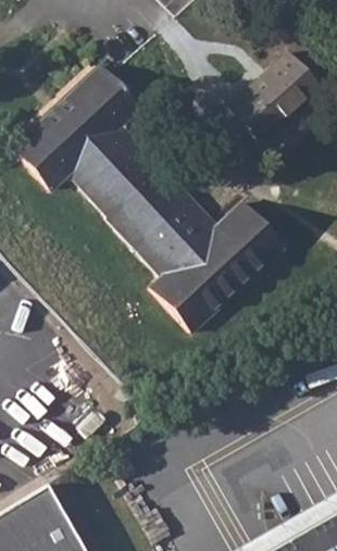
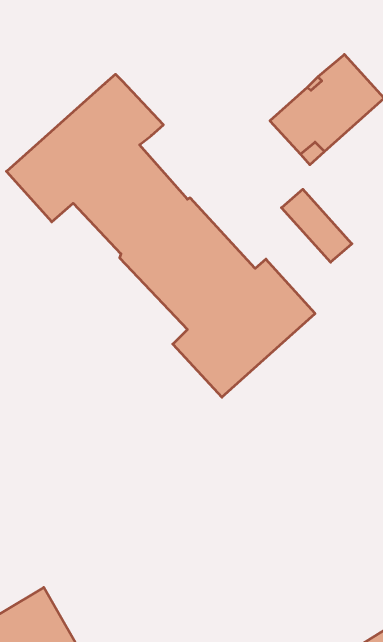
building: [226,203,284,263] -> [281,189,352,262]

